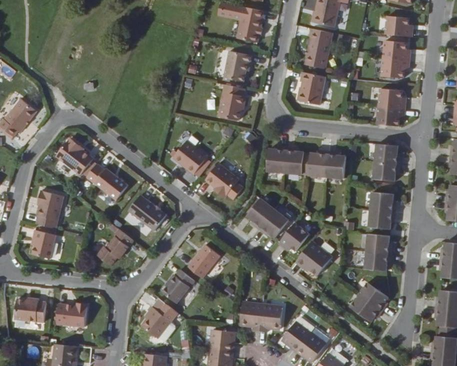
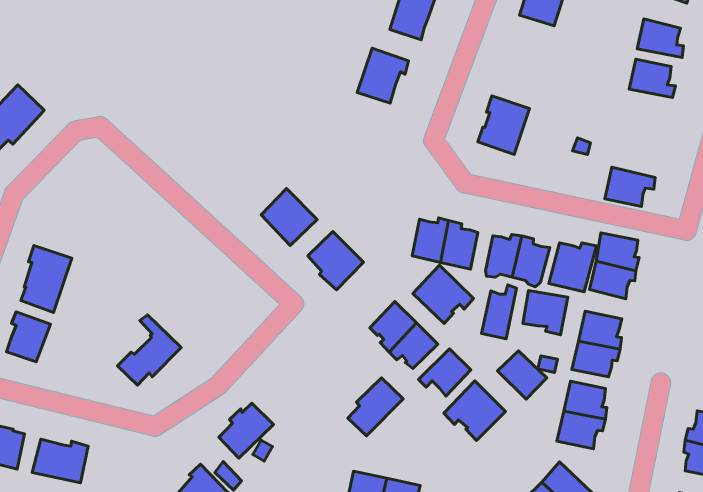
building: [304,28,332,67] -> none
building: [380,58,408,78] -> none
building: [217,85,245,120] -> none
building: [377,88,404,108] -> none
building: [61,138,98,175] -> none
building: none -> [549,243,597,292]
building: [91,163,132,199] -> none
building: none -> [413,265,473,324]
building: none -> [481,285,516,339]
building: none -> [523,291,568,335]
building: [133,194,170,230] -> none
building: none -> [498,351,547,399]
building: [193,242,224,277] -> [348,378,403,436]

